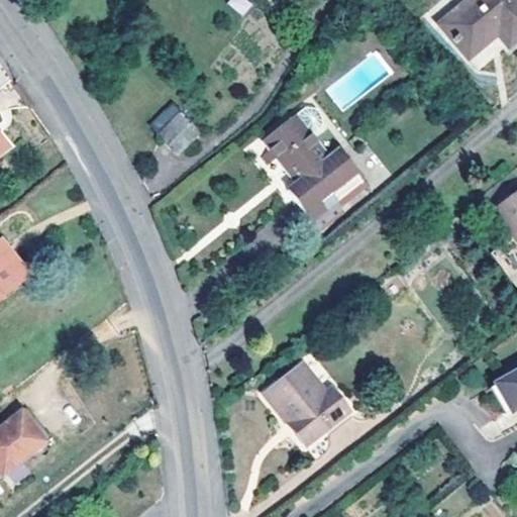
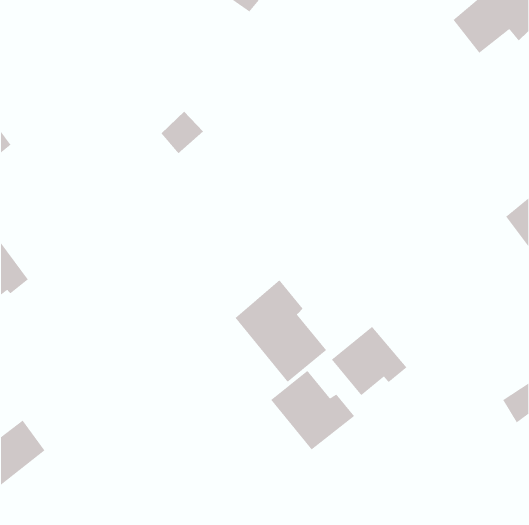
building: [263,112,360,217] -> none
building: none -> [234,279,327,383]
building: none -> [331,326,407,396]

